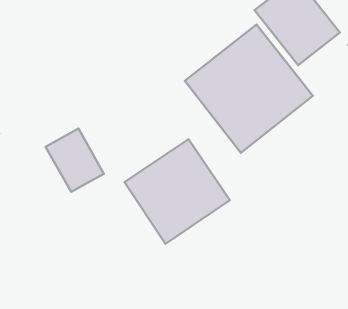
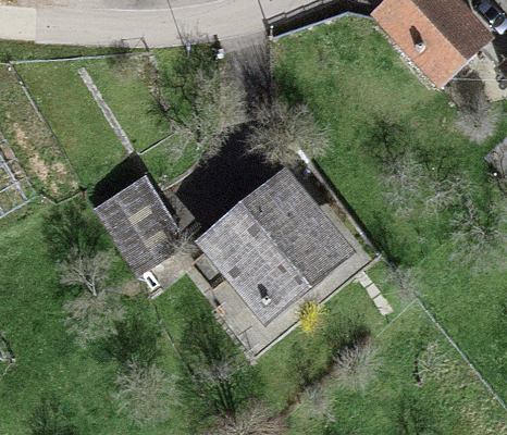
building: [185,25,313,153] -> none

